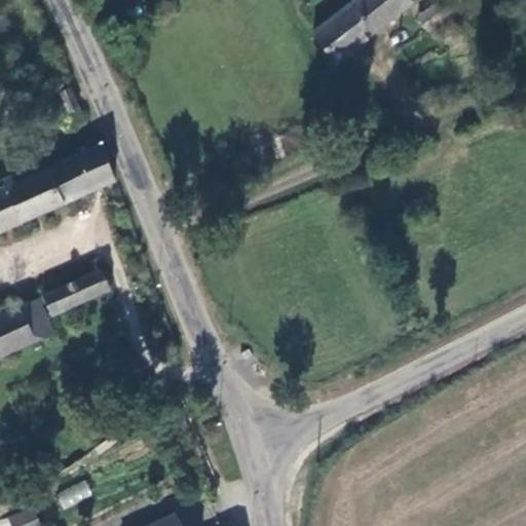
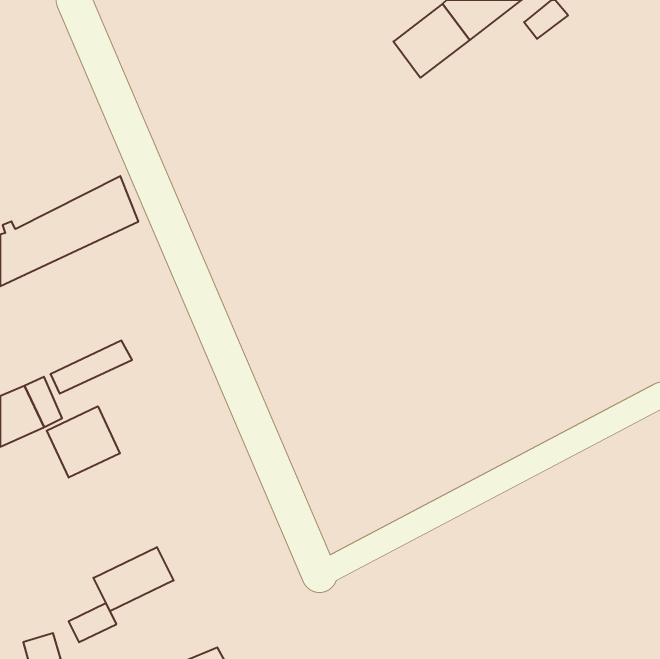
building: none -> [47,406,120,478]
building: none -> [93,547,174,611]

